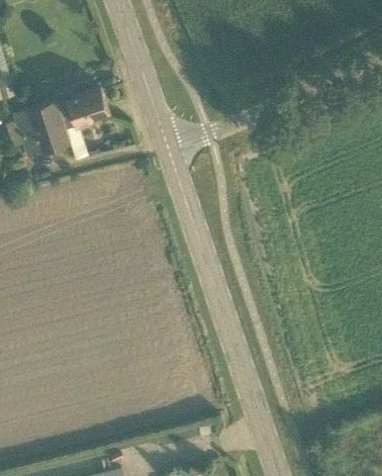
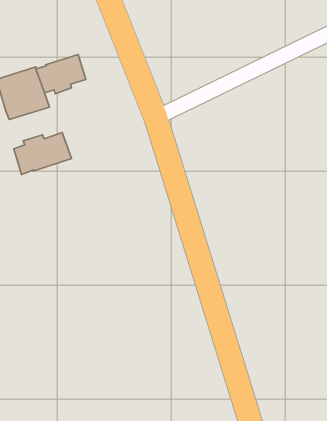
building: none -> [14,133,71,174]

